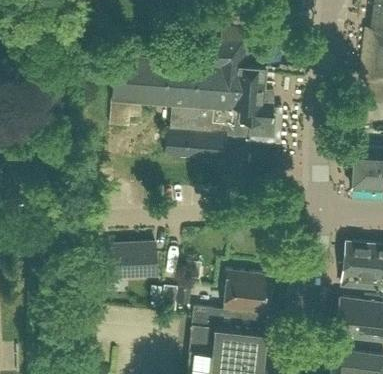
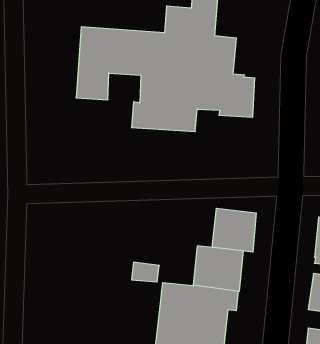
building: none -> [212,208,256,252]
building: [91,244,153,279] -> none

